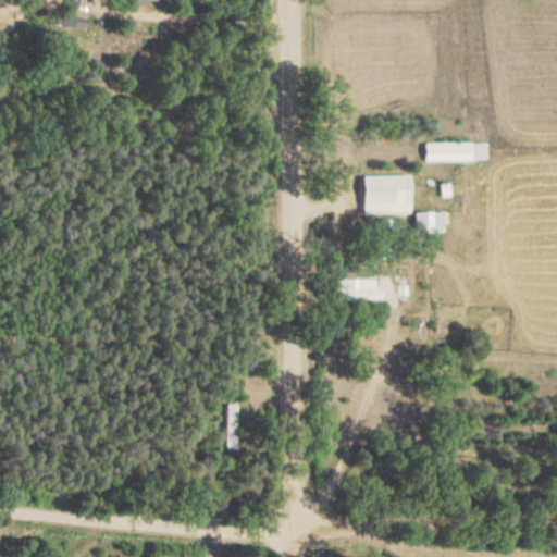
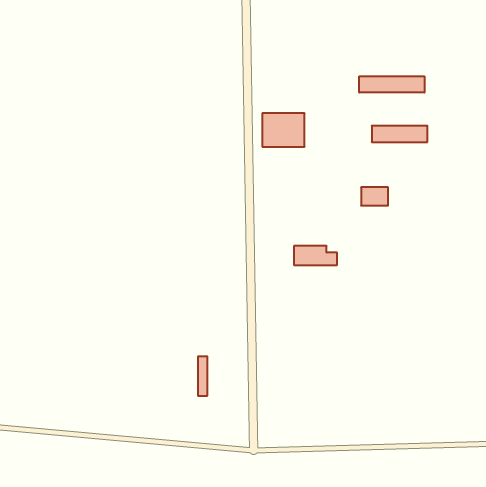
building: none -> [359,76,424,93]
building: [363,175,411,213] -> [262,113,305,147]

